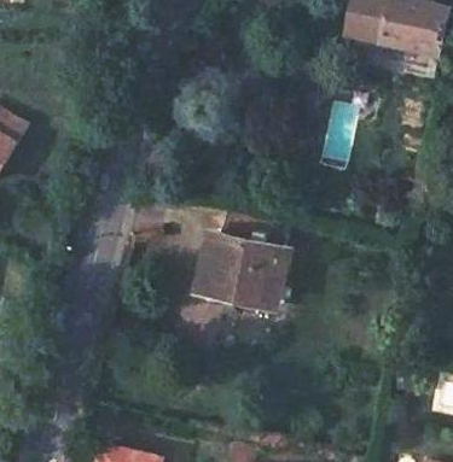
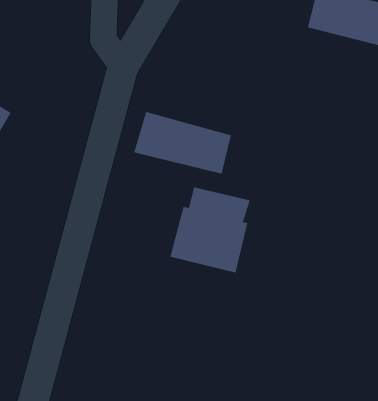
building: none -> [134,111,232,174]

